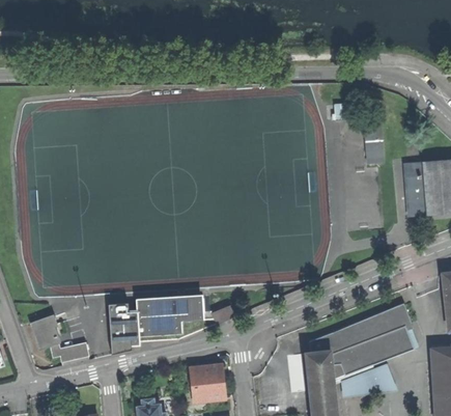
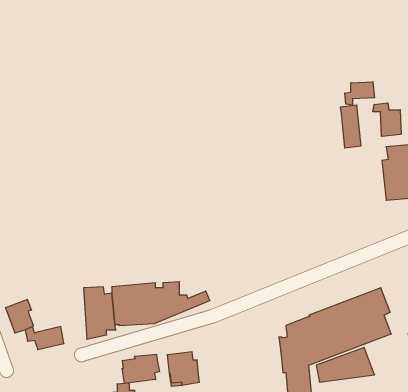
building: none -> [345,82,375,105]
building: none -> [373,103,401,136]
building: none -> [122,354,160,383]

